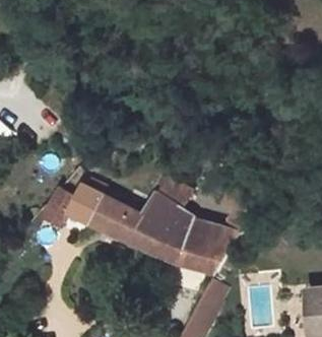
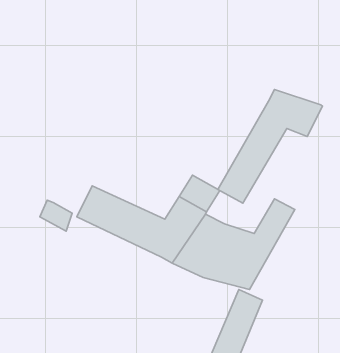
building: none -> [218,89,323,203]

